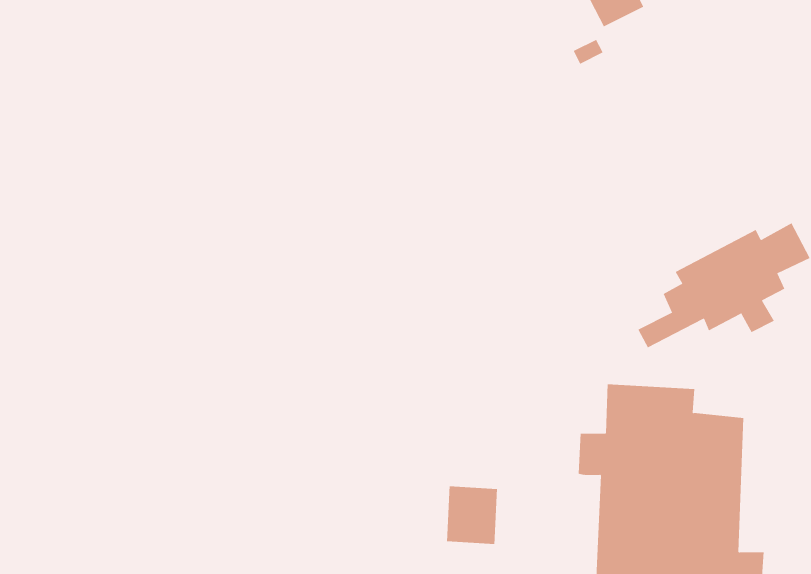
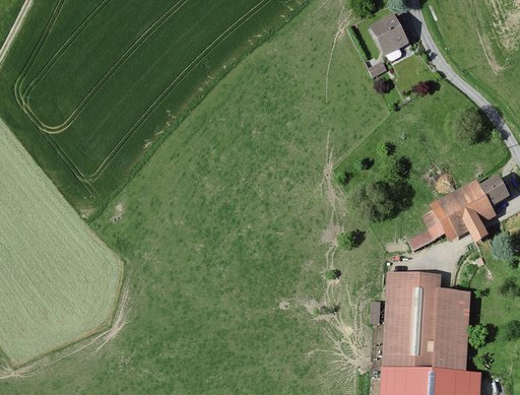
building: [447,486,498,545] -> none

